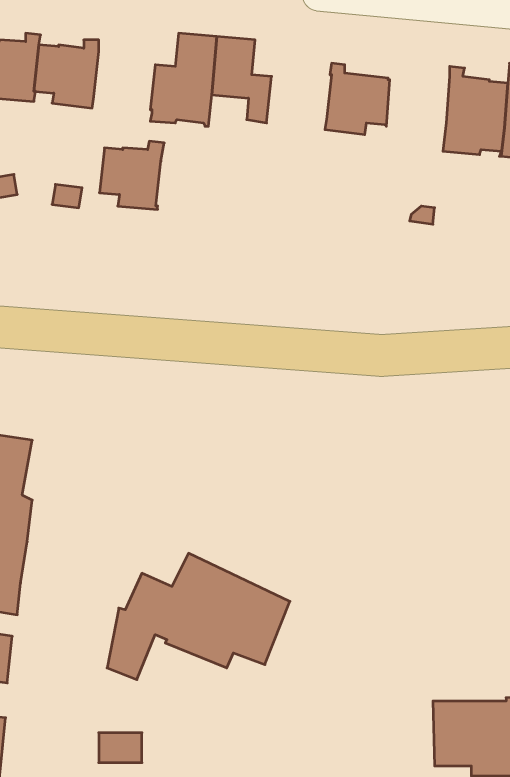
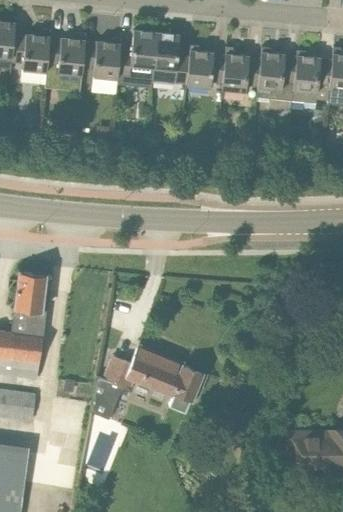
building: none -> [186,45,225,87]
building: none -> [256,46,296,101]
building: [99,141,164,209] -> [82,37,121,78]

